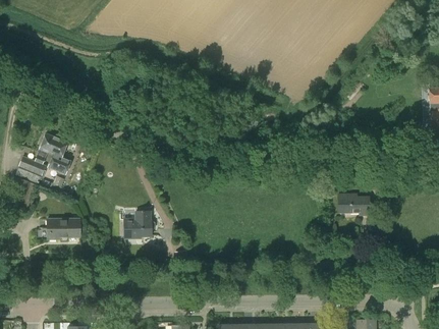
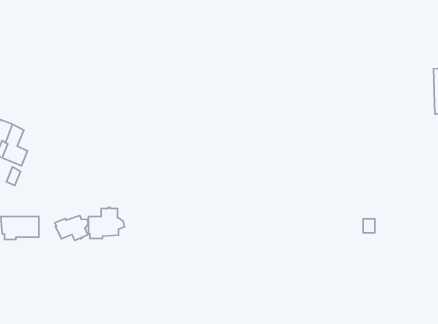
building: [338,195,369,216] -> none
building: none -> [55,215,88,240]

